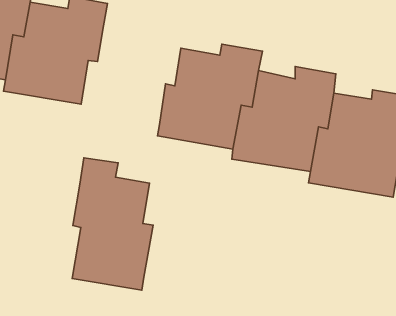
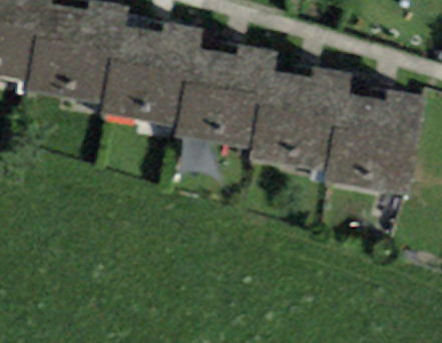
building: none -> [96,23,199,125]
building: [72,158,153,290] -> none

